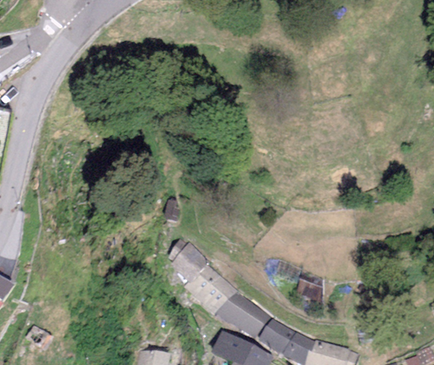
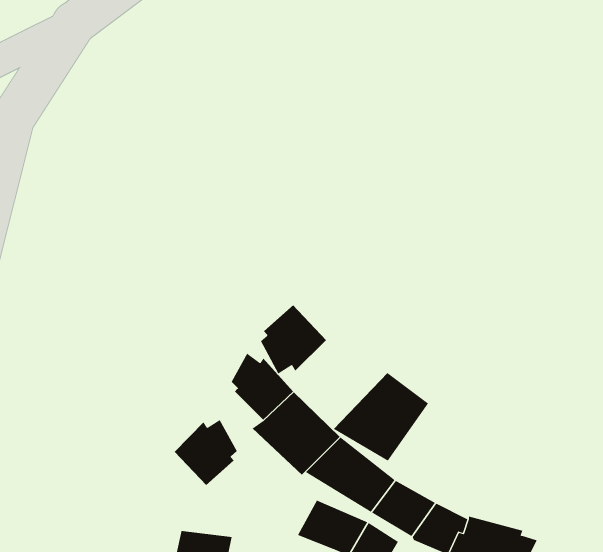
building: none -> [260,305,327,374]
building: none -> [333,372,429,462]
building: none -> [174,419,238,486]

